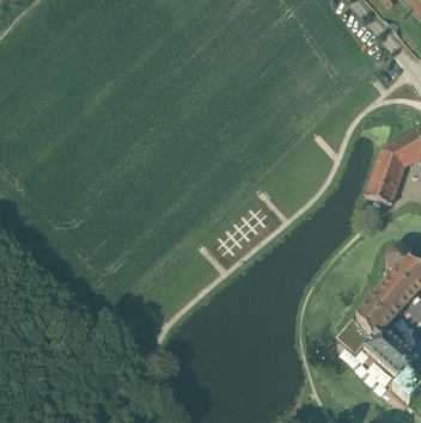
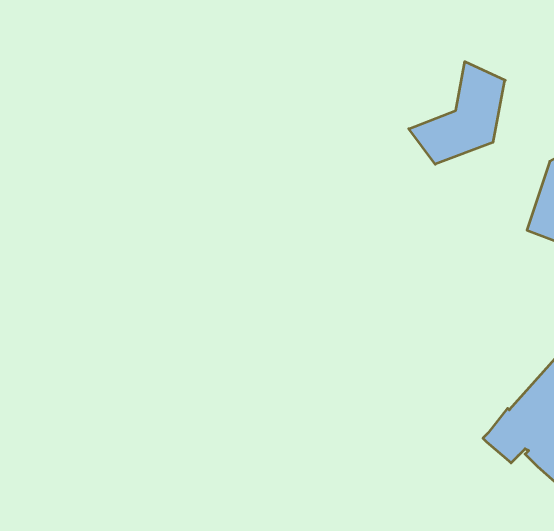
building: none -> [409,62,505,164]

